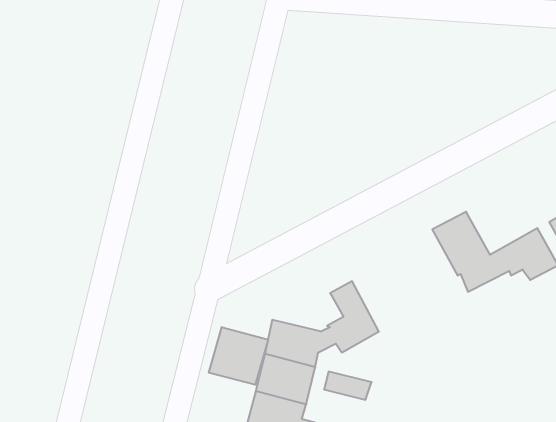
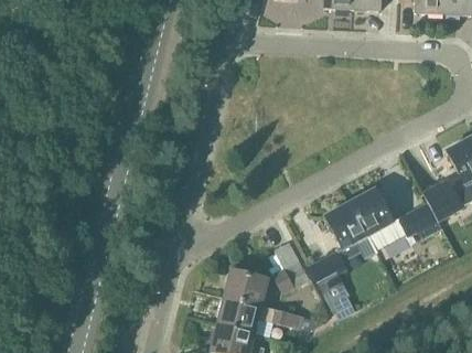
building: none -> [309,203,368,313]
building: [209,327,268,385] -> none

